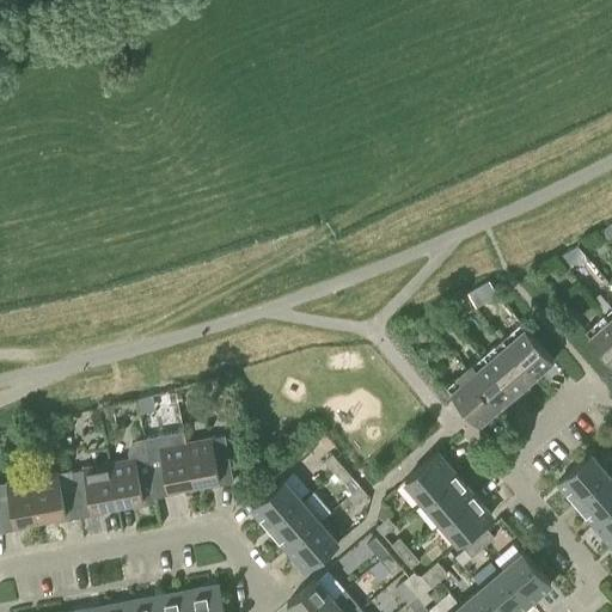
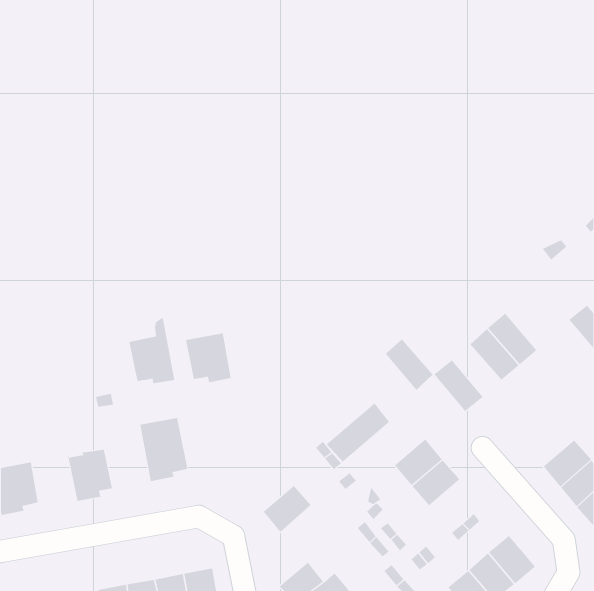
building: [465,357,515,411] -> [385,339,434,391]
building: none -> [326,403,390,462]
building: [185,437,233,489] -> [185,333,232,383]
building: [108,440,155,508] -> [129,318,175,384]
building: [32,472,79,524] -> none
building: [252,481,302,530] -> none
building: [441,496,491,545] -> none
building: [288,522,338,571] -> none

